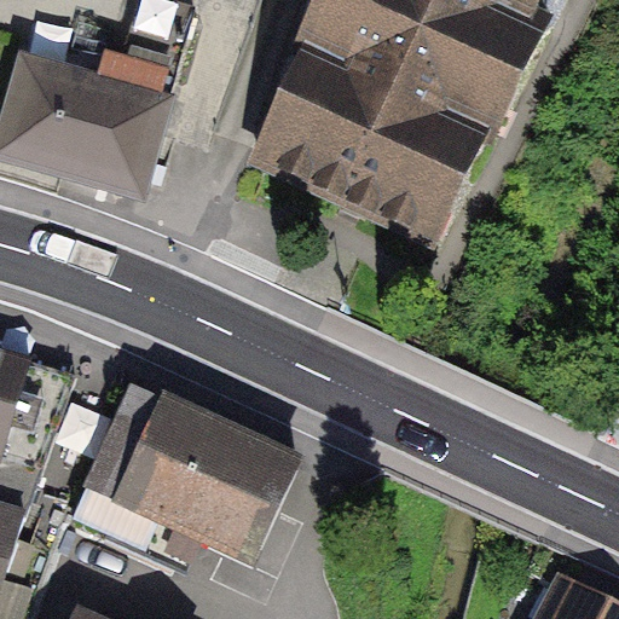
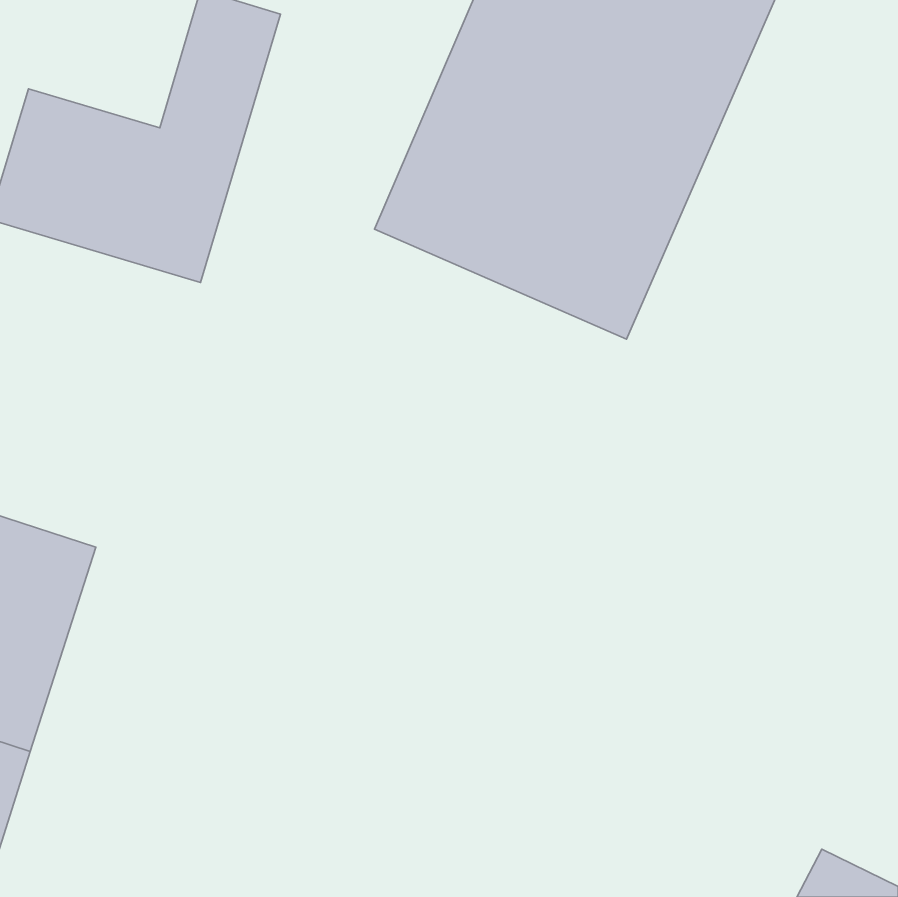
building: [71,387,294,566] -> none

